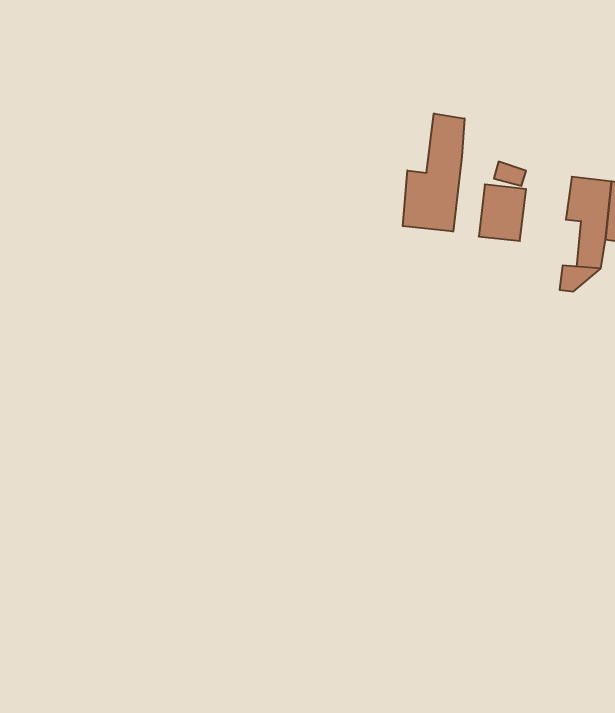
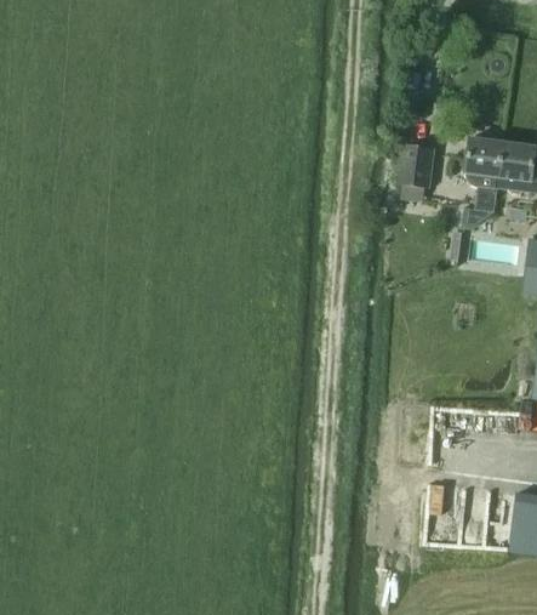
building: [403,113,464,232] -> none

